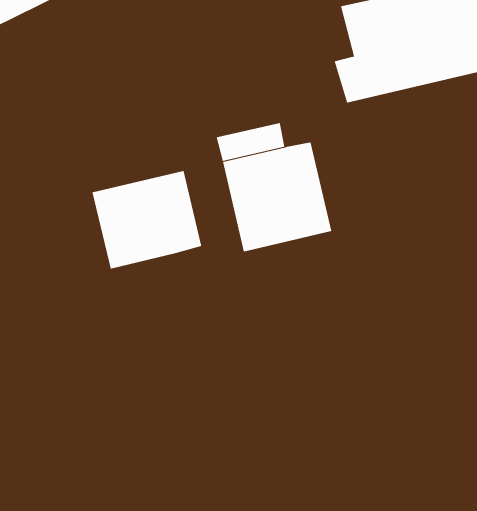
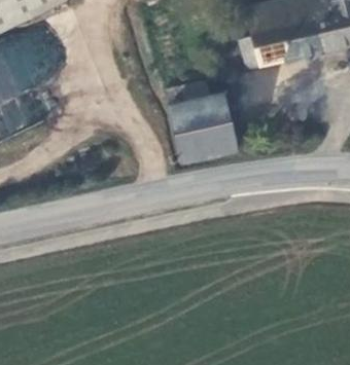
building: [92,170,202,270] -> none

